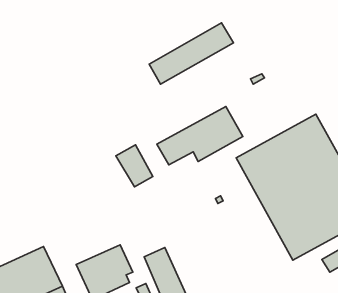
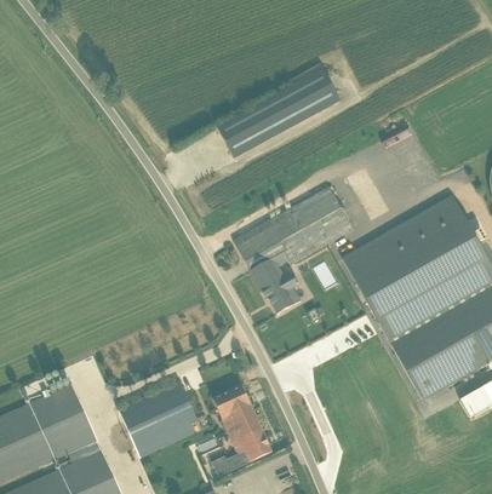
building: [116,145,153,187] -> [248,253,301,312]

